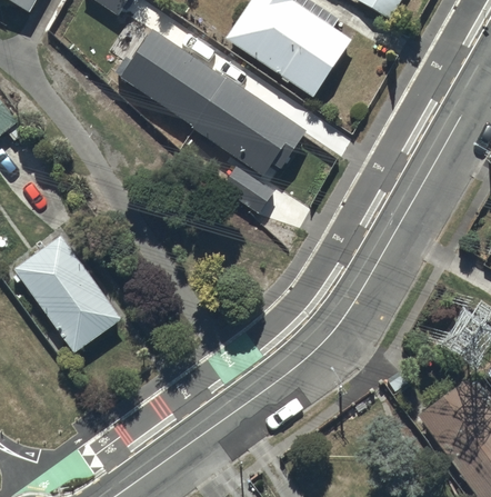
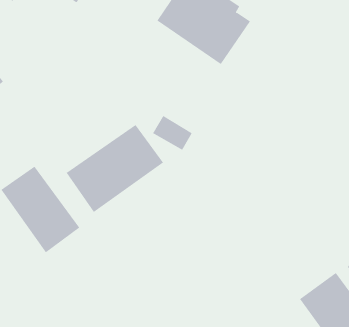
building: [113,28,305,173] -> none
building: none -> [66,124,164,213]

